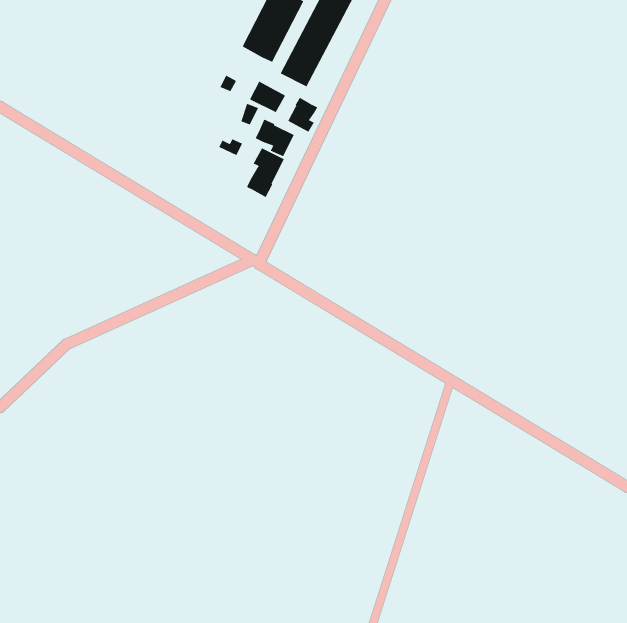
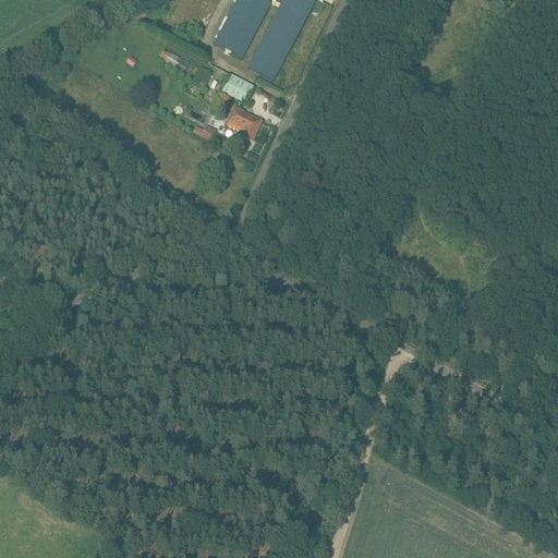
building: [287,97,318,132] -> none
building: [246,147,285,198] -> none

